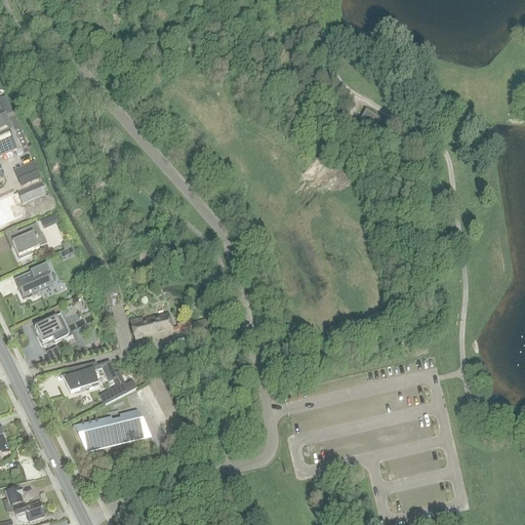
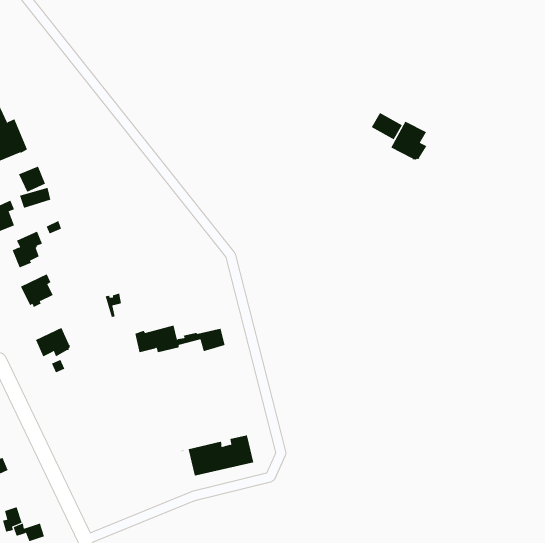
building: none -> [390,121,427,160]
building: [62,360,135,403] -> none
building: [71,409,142,449] -> [180,435,254,476]

